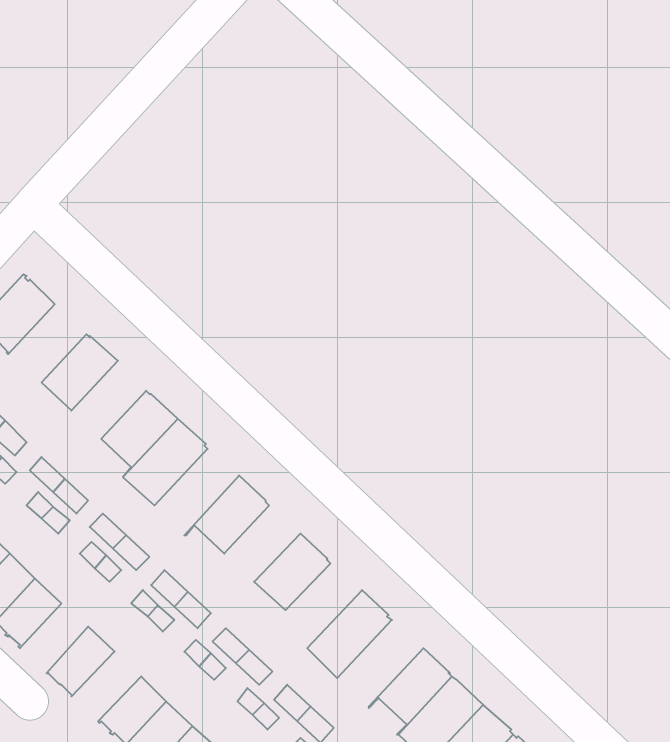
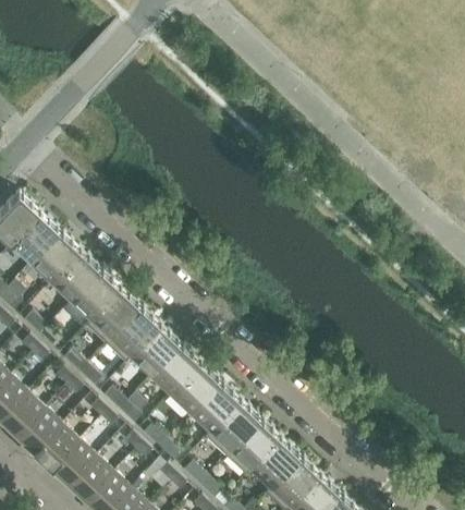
building: none -> [9,210,60,262]
building: none -> [50,247,99,299]
building: none -> [105,305,160,362]
building: none -> [150,342,200,392]
building: none -> [191,380,241,436]
building: none -> [16,406,61,452]
building: none -> [224,417,281,474]
building: none -> [50,438,96,484]

